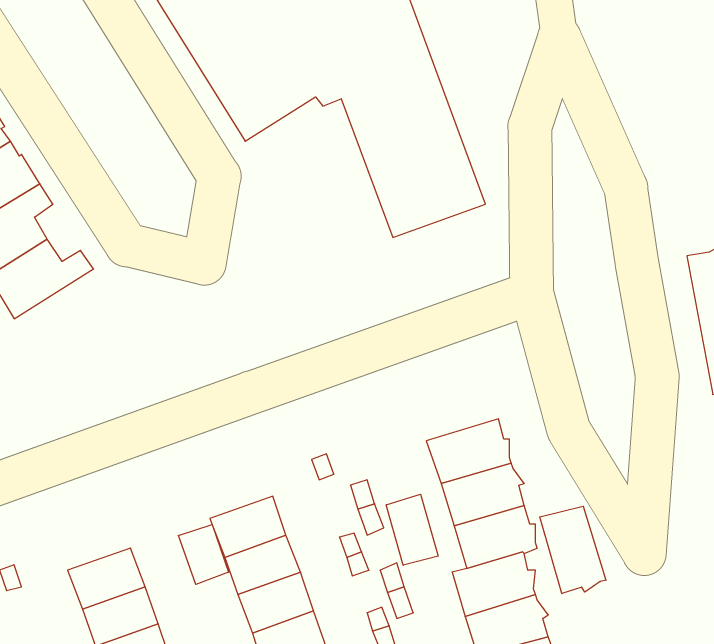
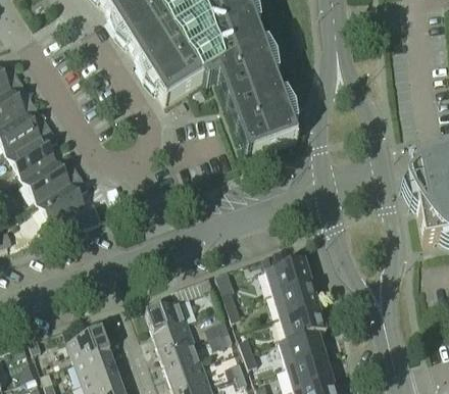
building: none -> [36,171,99,226]
building: [386,494,438,565] -> none
building: [540,506,606,594] -> none
building: [178,524,229,584] -> none

